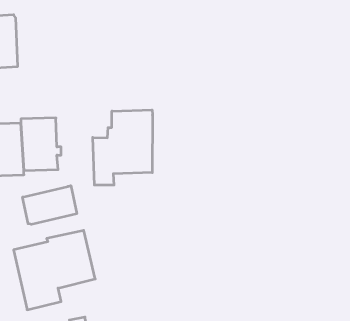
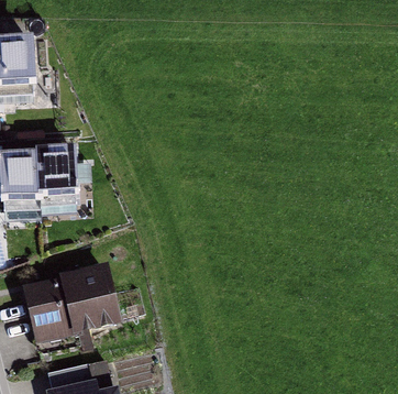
building: [93,110,152,185] -> none
building: [23,186,77,224] -> none

